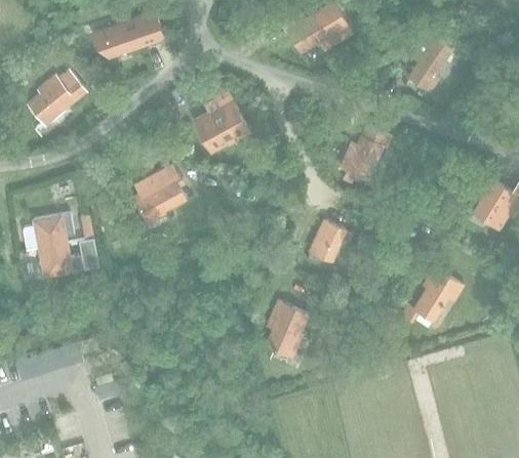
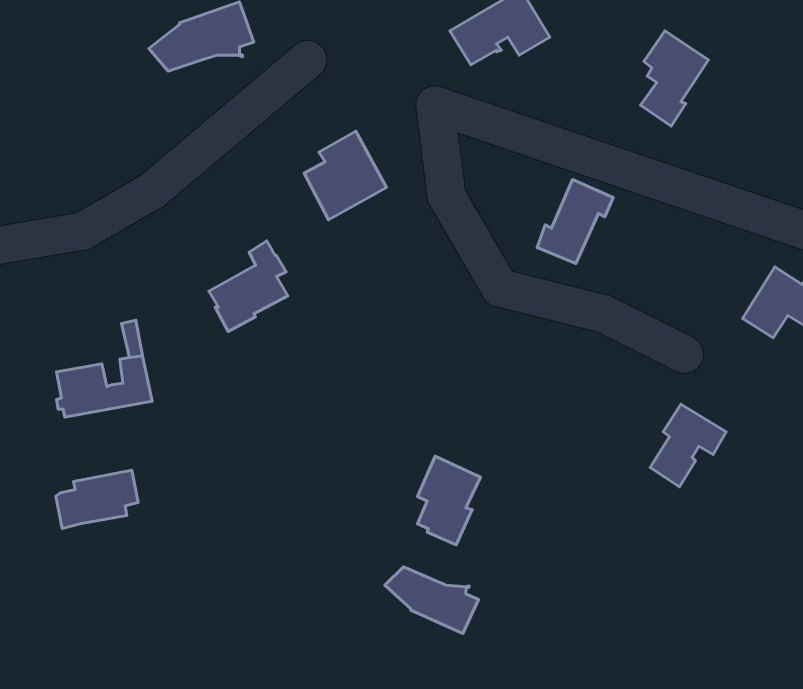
building: [27,72,86,123] -> none
building: [22,214,74,251] -> [56,470,138,528]
building: [313,221,345,261] -> none
building: none -> [385,567,478,633]

